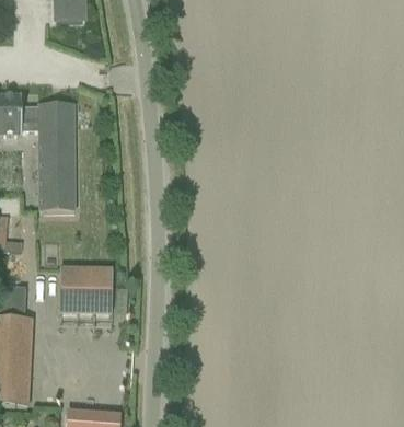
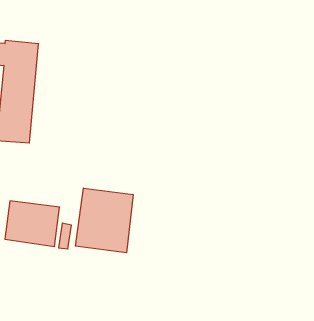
building: none -> [75,188,133,253]

